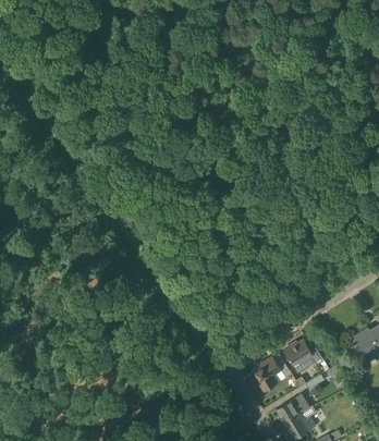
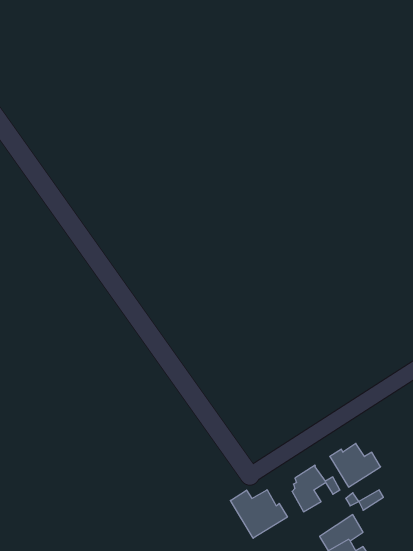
building: none -> [230,490,287,538]

